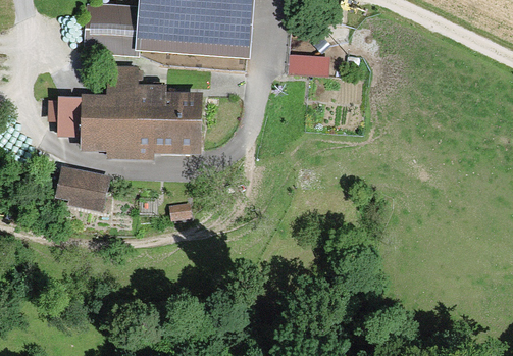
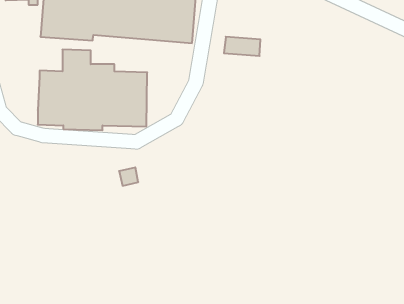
building: [48,96,81,135] -> none
building: [55,164,111,214] -> none

